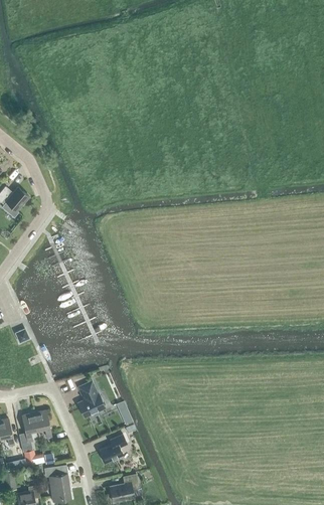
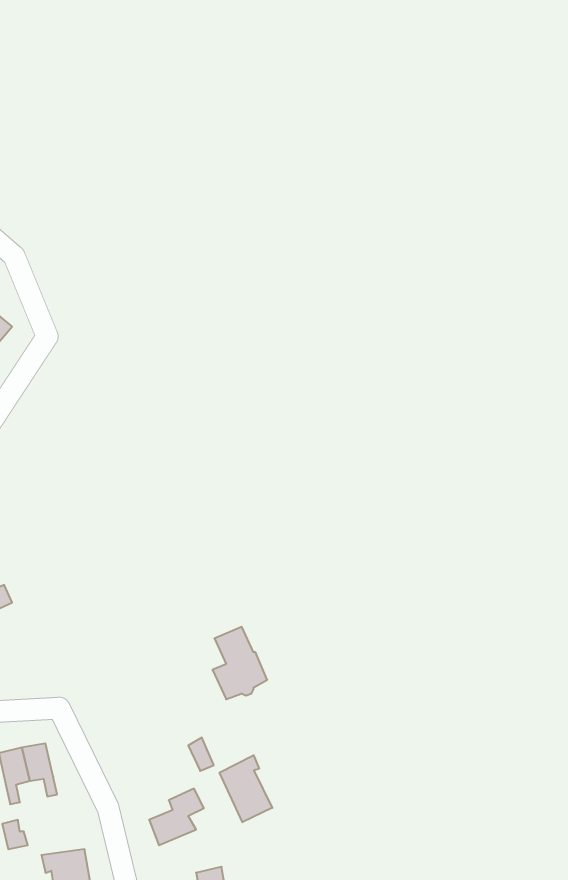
building: [76,380,105,417] -> [212,627,267,699]
building: none -> [220,755,272,822]

